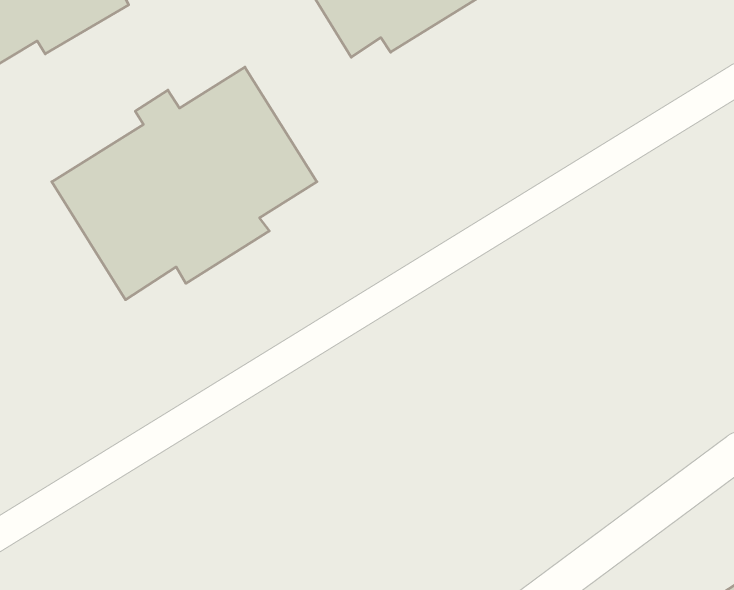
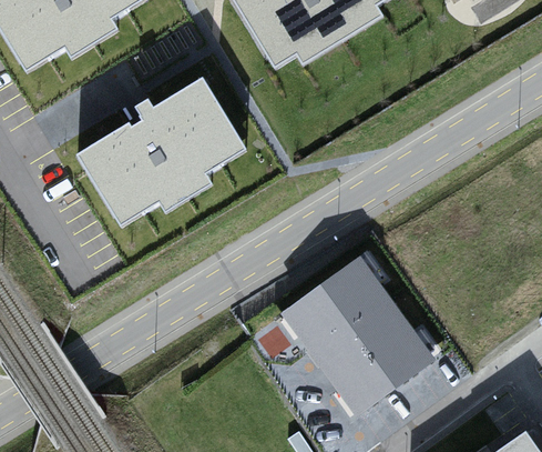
building: none -> [278,254,431,414]

